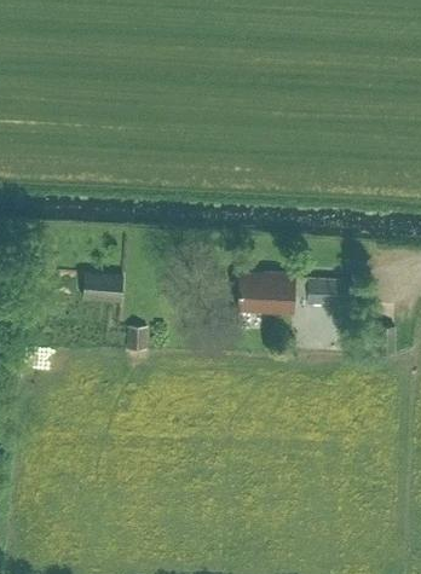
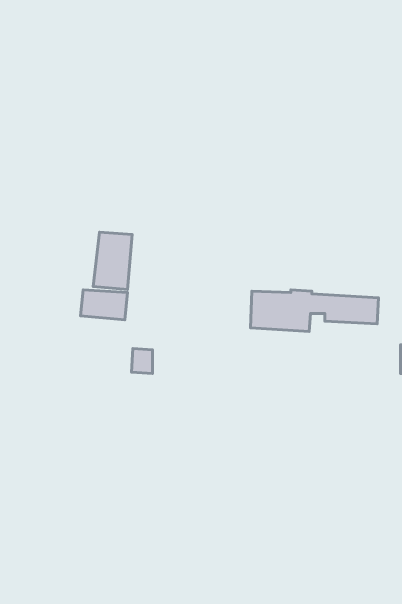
building: none -> [93,232,132,289]

